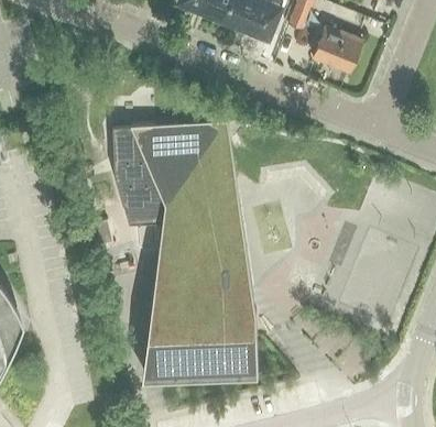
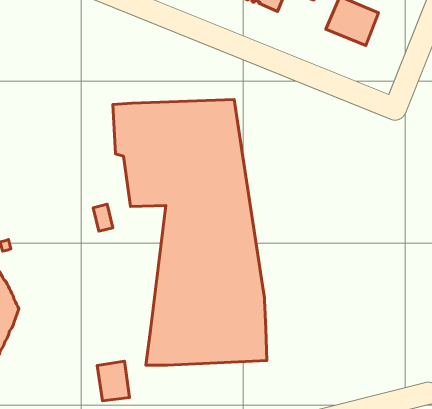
building: none -> [97,361,130,401]

